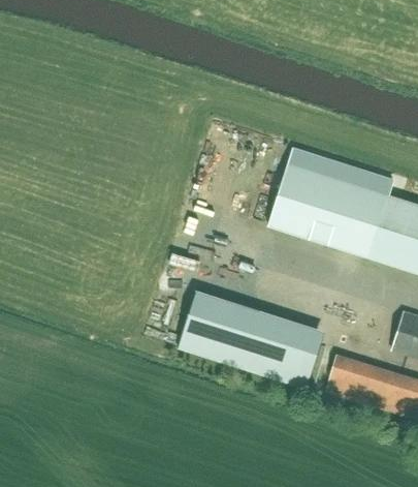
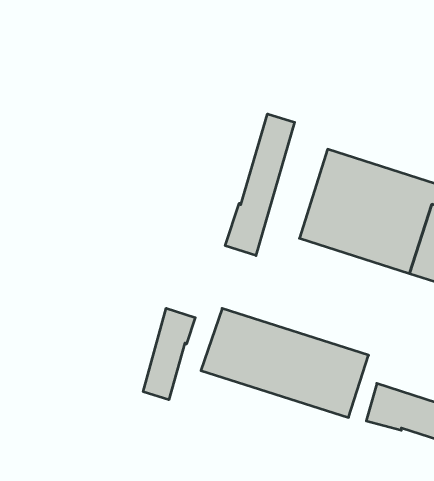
building: none -> [225,114,295,256]
building: none -> [143,308,195,400]

